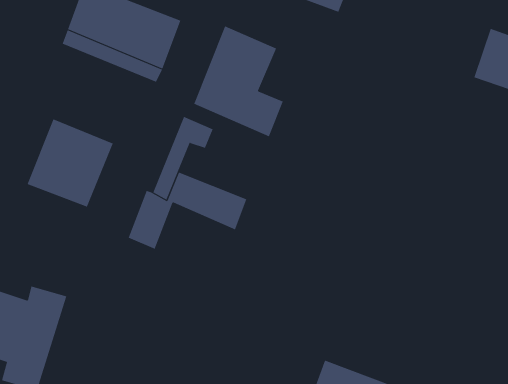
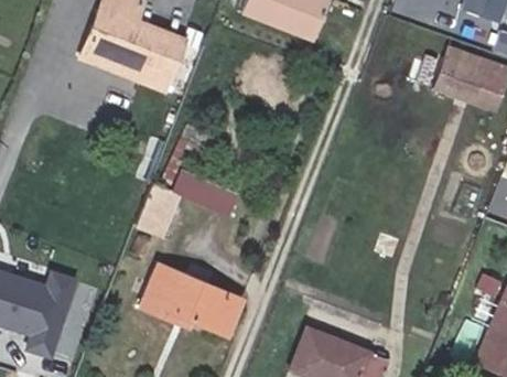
building: [194,25,284,137] -> none
building: [27,118,114,207] -> none
building: none -> [140,266,242,330]

